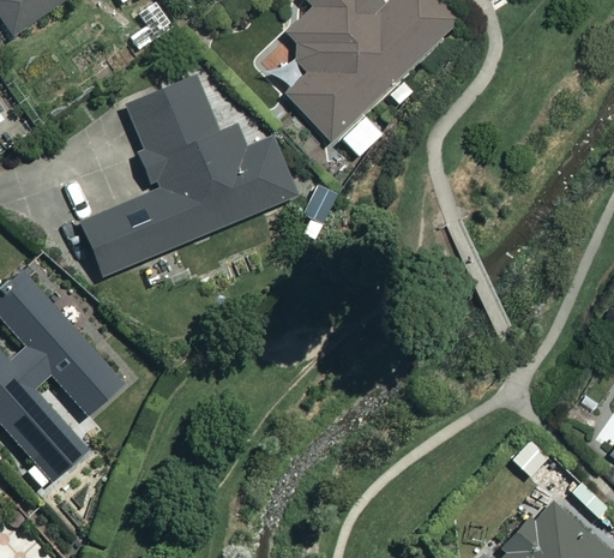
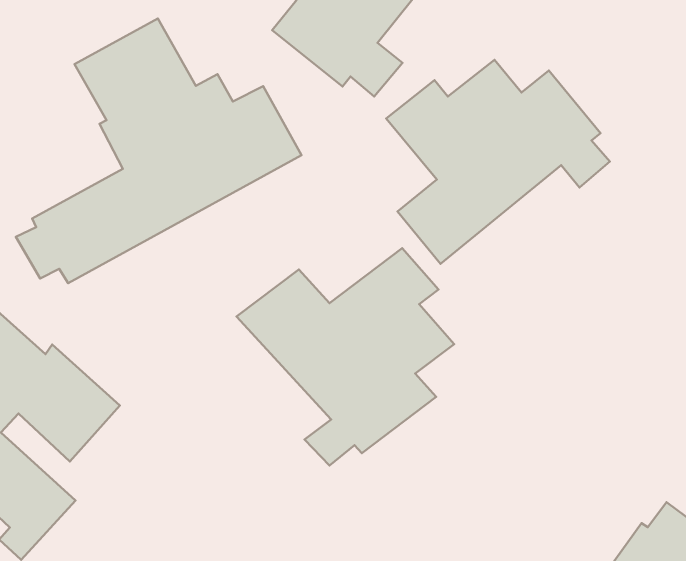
building: none -> [386,60,610,264]
building: none -> [237,248,454,465]

